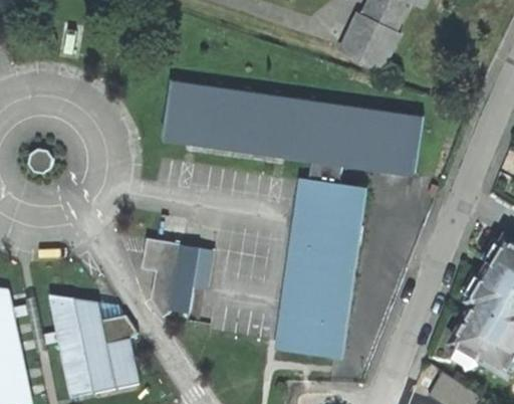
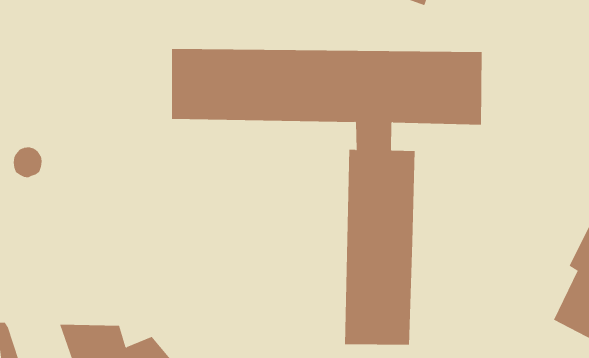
building: [143,238,201,316] -> none

